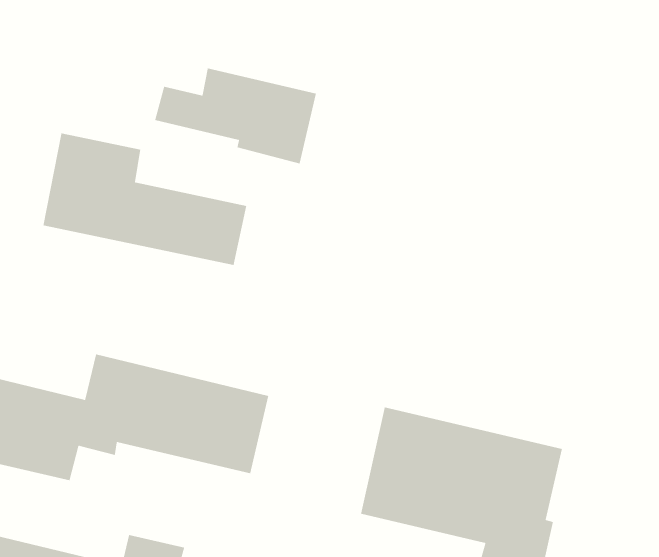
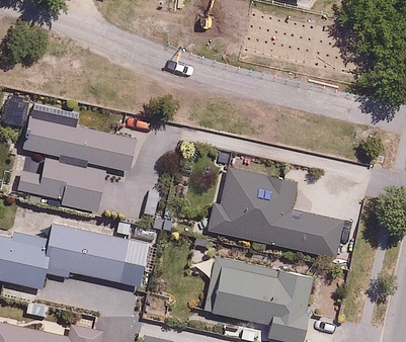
building: [154,68,317,164] -> [15,159,105,212]
building: none -> [211,162,343,259]

